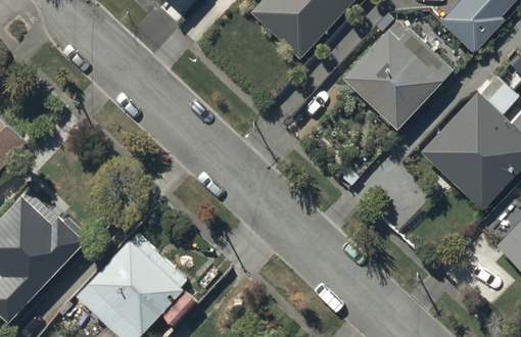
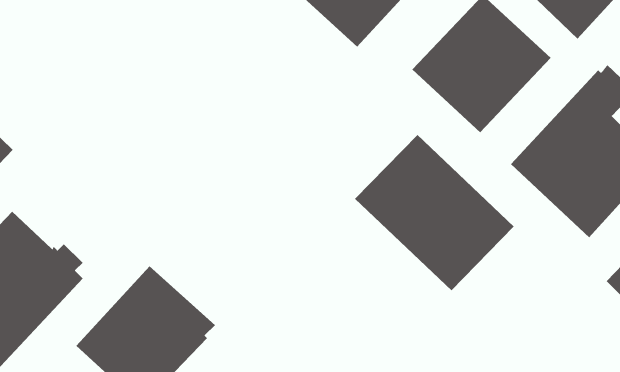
building: none -> [354,134,515,291]

